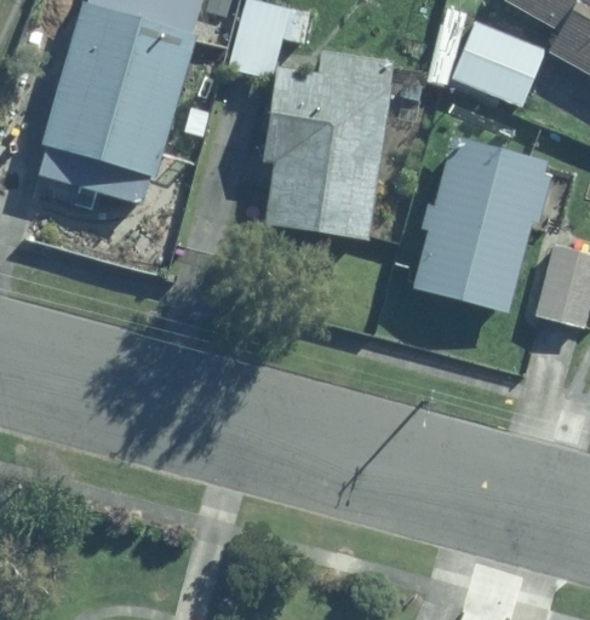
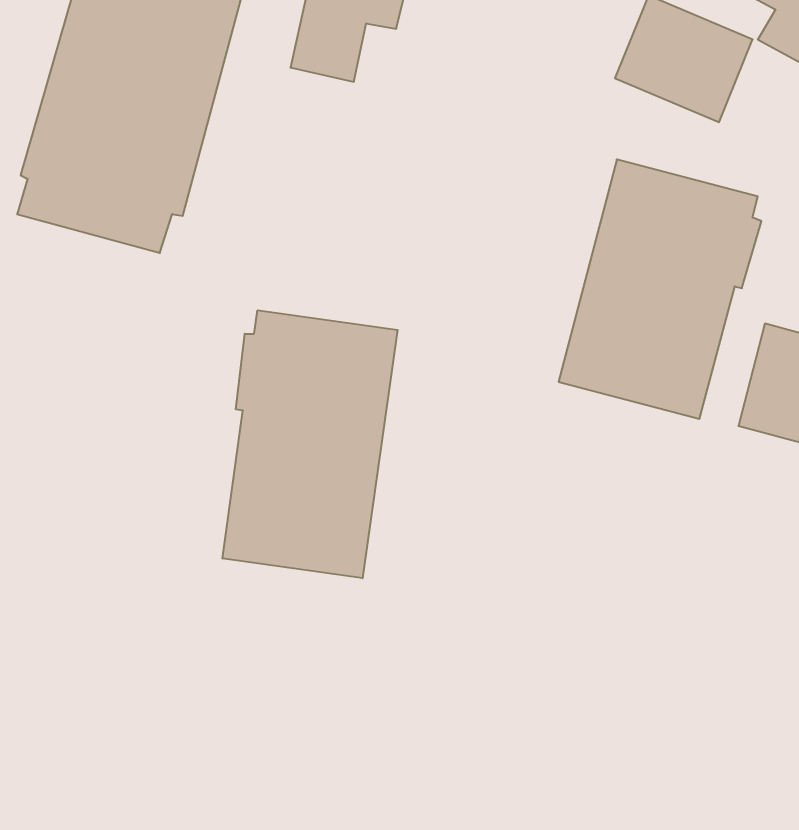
building: [264,50,397,240] -> none
building: none -> [223,310,398,578]

